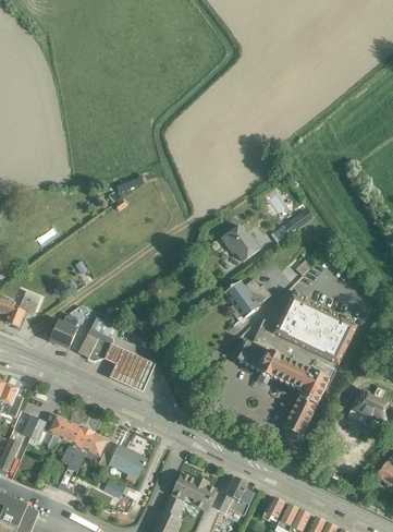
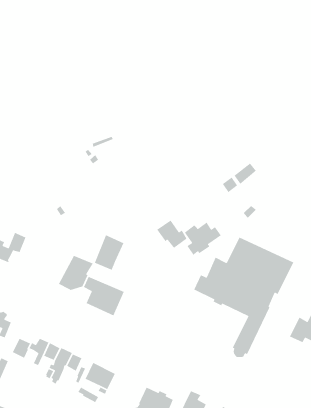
building: [221,226,258,261] -> [156,219,188,249]
building: none -> [94,234,124,271]
building: [42,314,76,348] -> none

